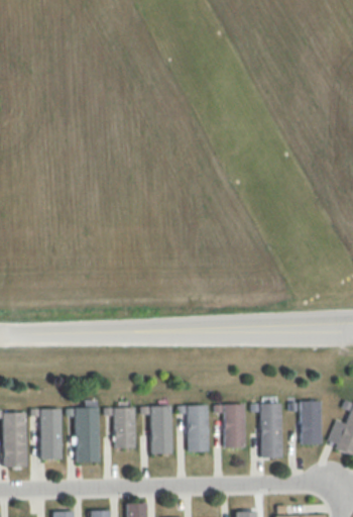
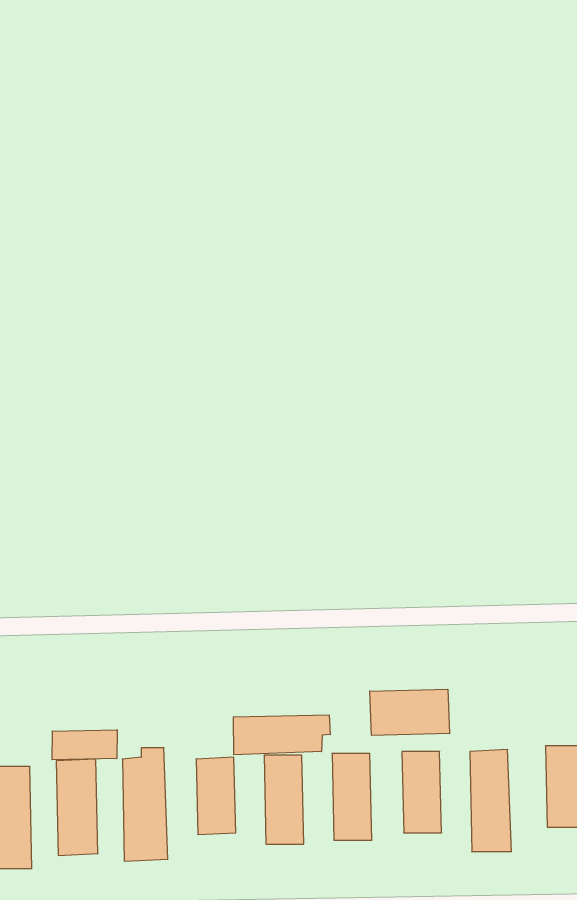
building: none -> [370,689,450,735]
building: none -> [233,715,330,755]
building: none -> [52,730,117,760]

